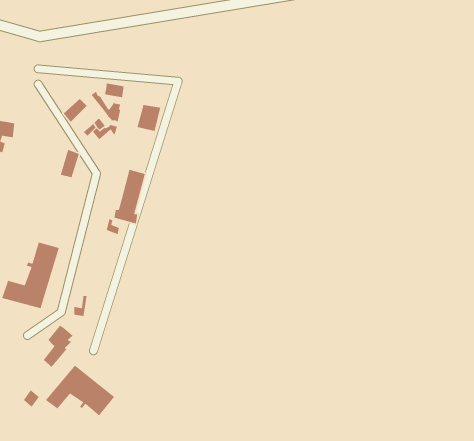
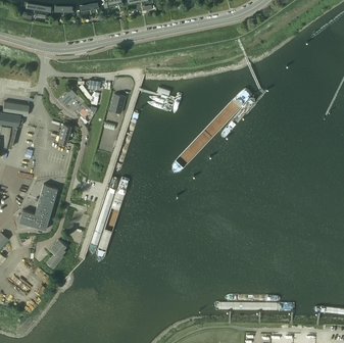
building: [45,364,115,416] -> none

